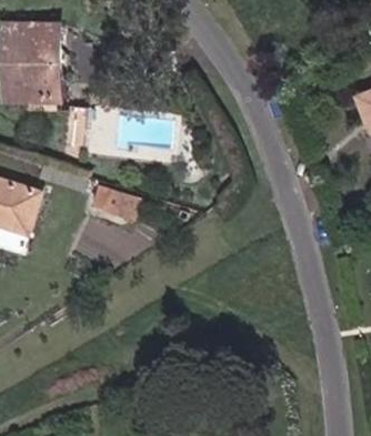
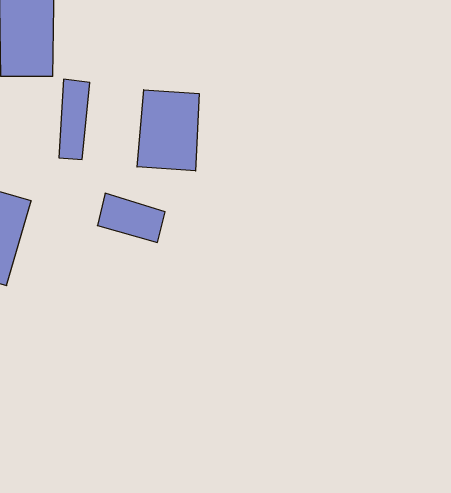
building: none -> [137,90,199,171]

